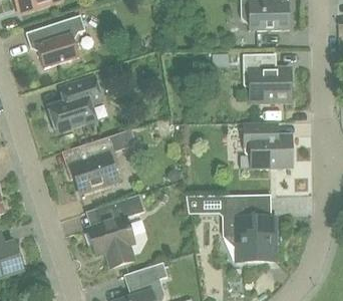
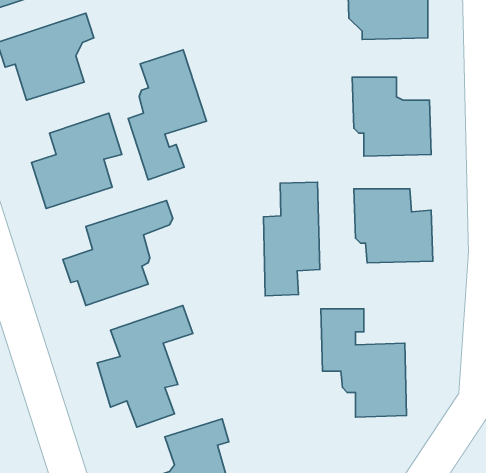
building: none -> [128,50,207,180]
building: none -> [263,182,320,296]

